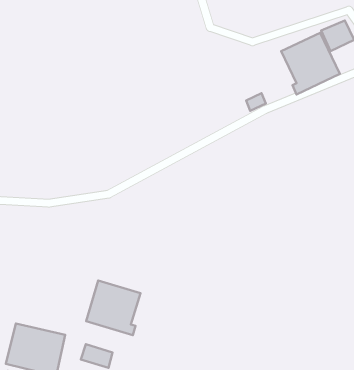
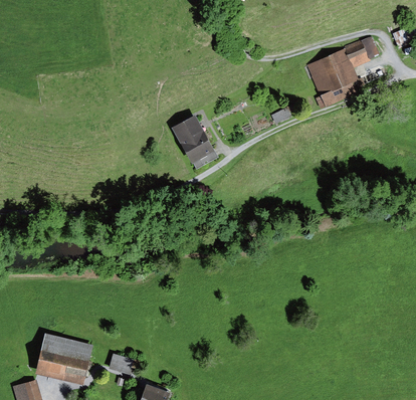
building: none -> [170,115,214,165]
building: [86,281,140,335] -> none

